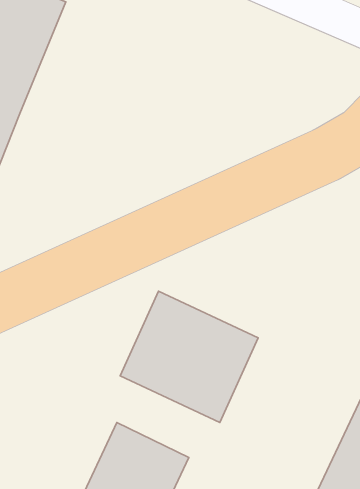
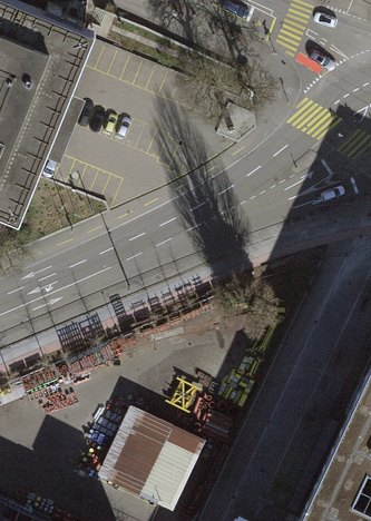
building: [120,291,258,423] -> none

